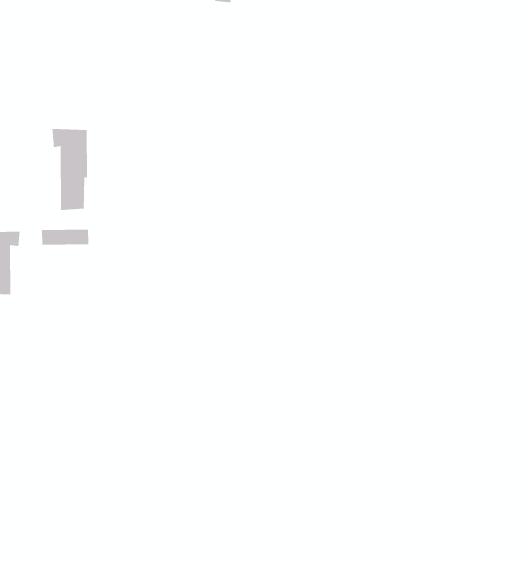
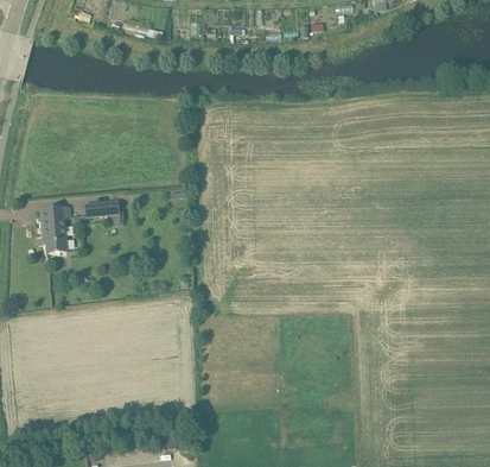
building: [52,128,88,211] -> none

